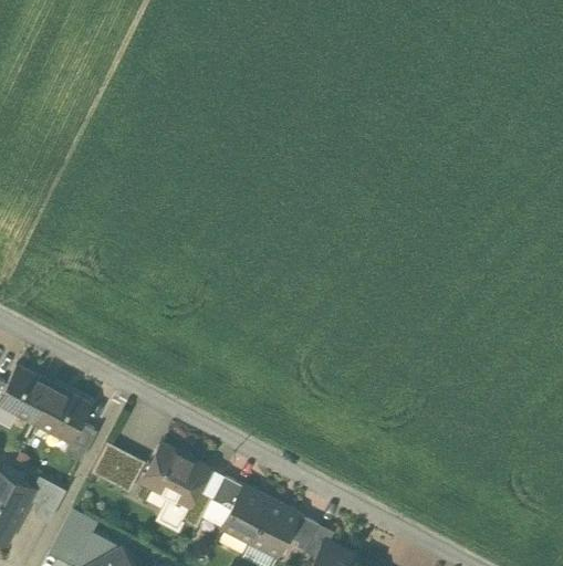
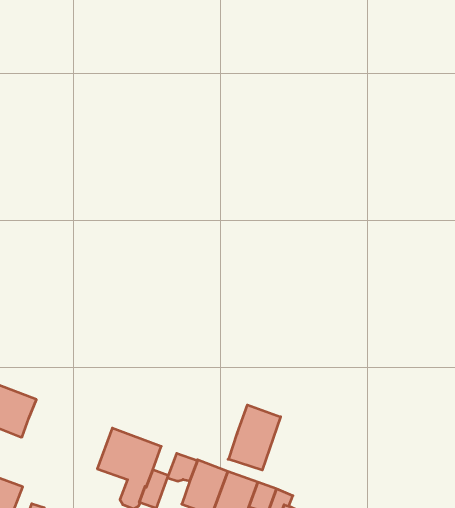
building: [63,423,96,463] -> none
building: none -> [228,405,281,470]
building: [90,442,144,493] -> none

